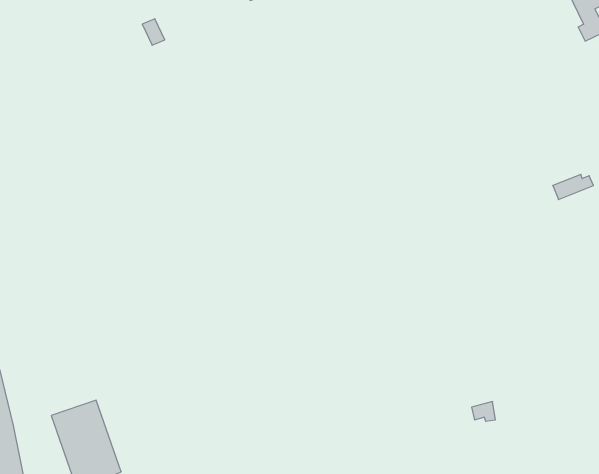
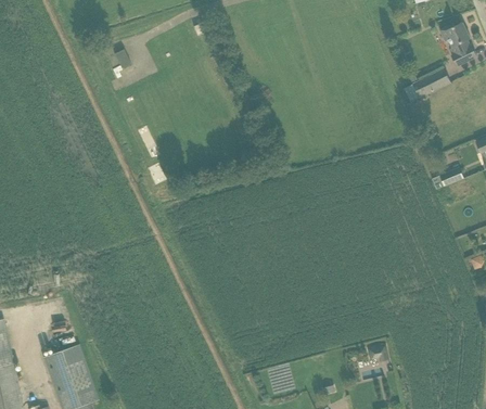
building: none -> [405,68,451,102]

